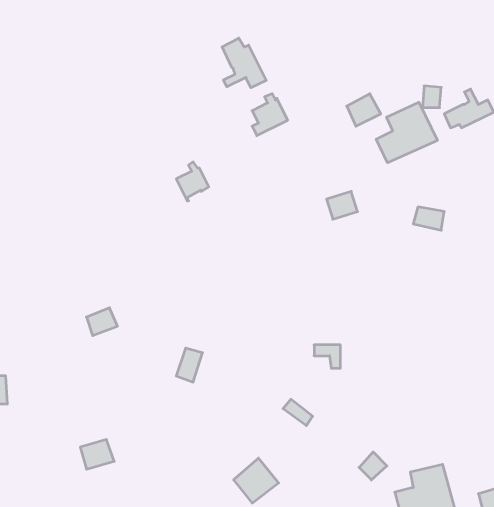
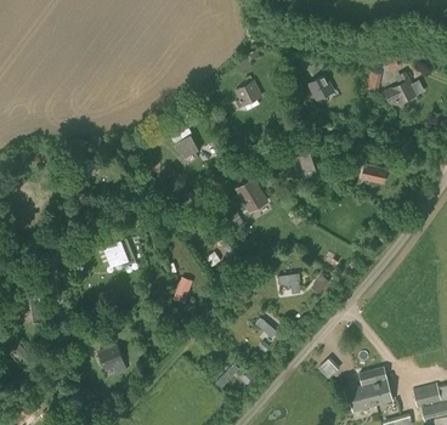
building: [222,38,266,88] -> none
building: [376,102,437,163] -> none
building: none -> [233,177,267,214]

